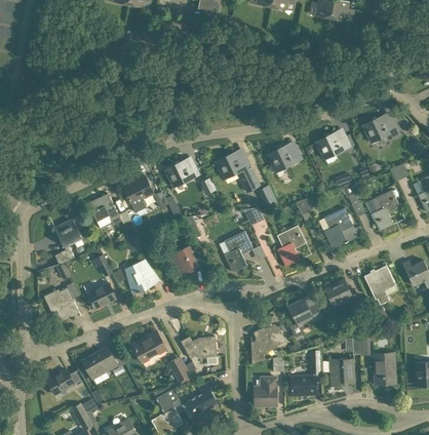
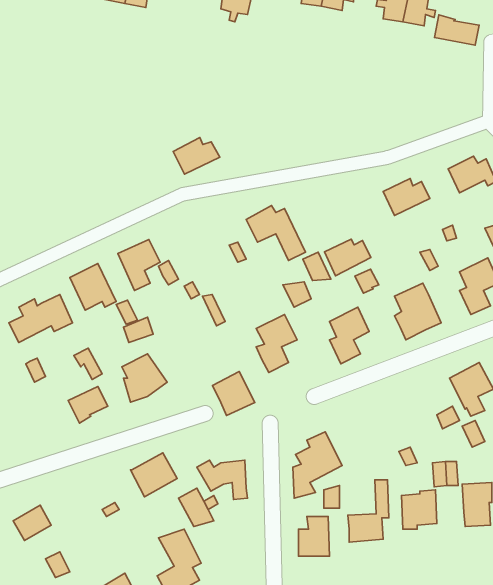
building: none -> [434,15,479,45]
building: [268,145,302,171] -> [324,239,371,276]
building: [165,159,199,186] -> [173,137,220,174]
building: [169,244,200,276] -> [212,372,255,415]
building: [325,279,352,306] -> none
building: [44,283,80,321] -> none
building: [287,298,322,327] -> none
building: [82,346,118,379] -> none
building: [182,381,217,419] -> none

